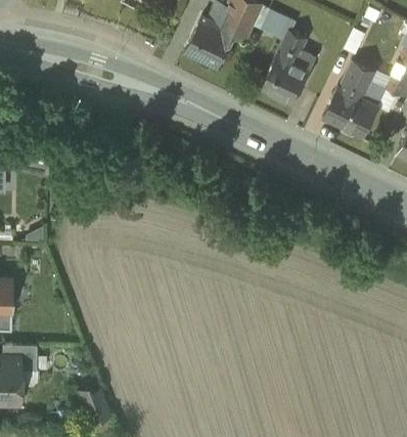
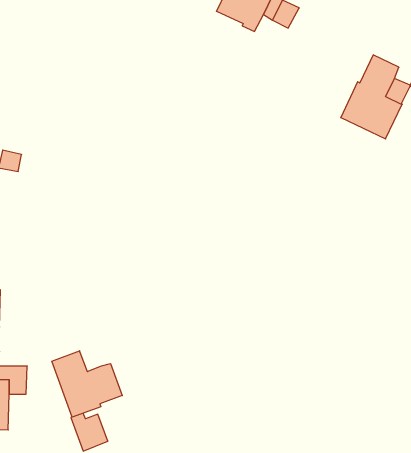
building: [187,17,235,67] -> none
building: [263,31,317,103] -> none
building: none -> [52,351,122,417]

